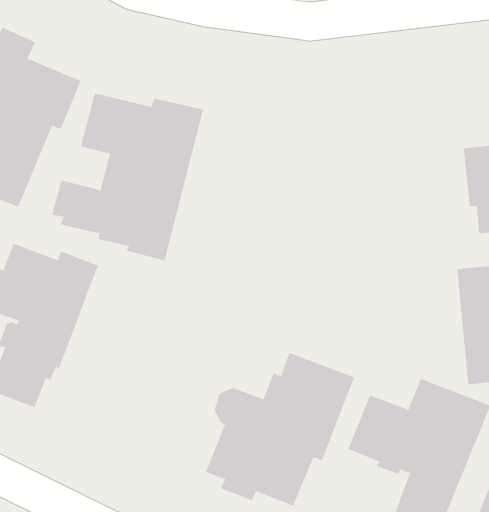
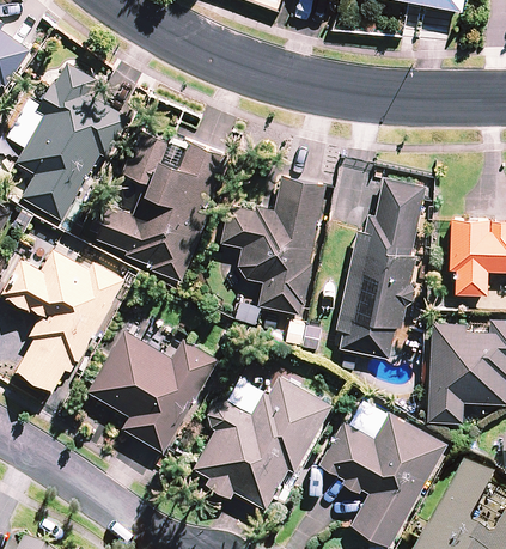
building: none -> [335,178,425,359]
building: none -> [221,175,325,313]
building: none -> [89,330,218,453]

